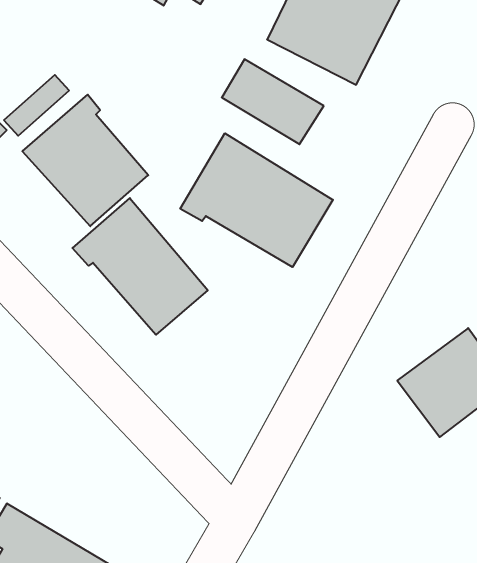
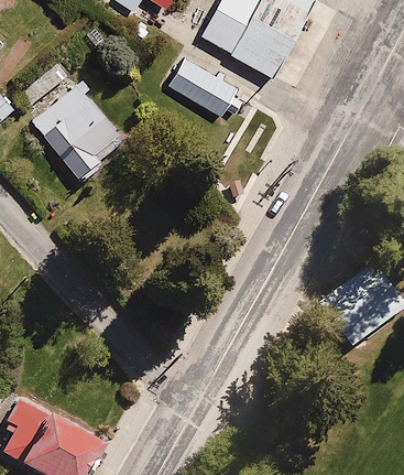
building: [180,133,333,267] -> none
building: [72,198,208,335] -> none

